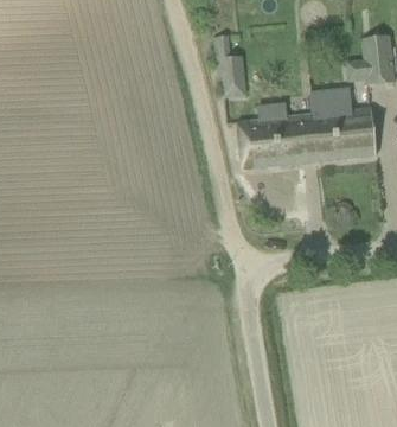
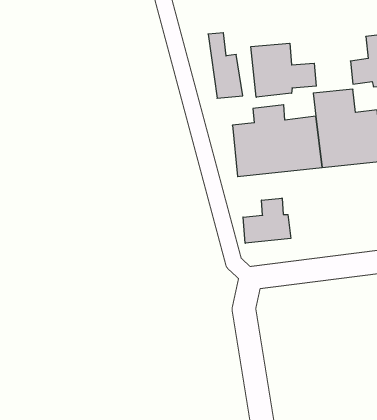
building: none -> [251,43,316,97]
building: none -> [243,198,291,243]

